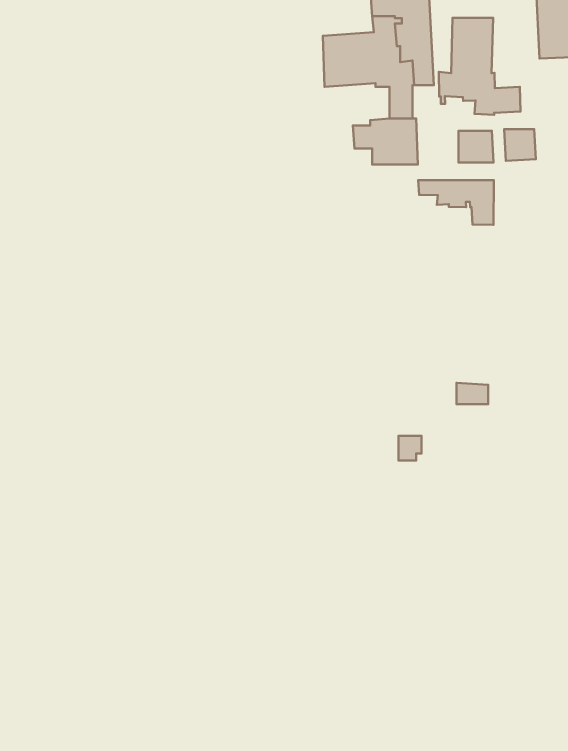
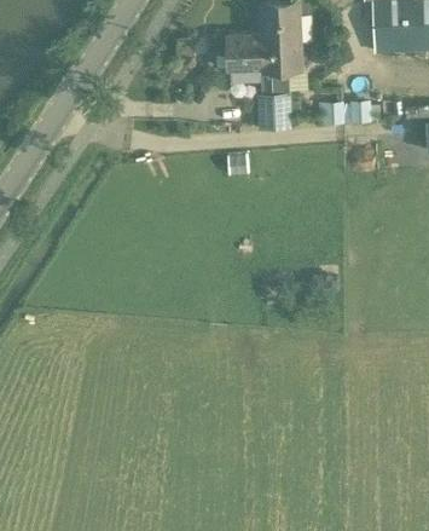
building: [439,18,520,115] -> none
building: [418,180,494,225] -> none

